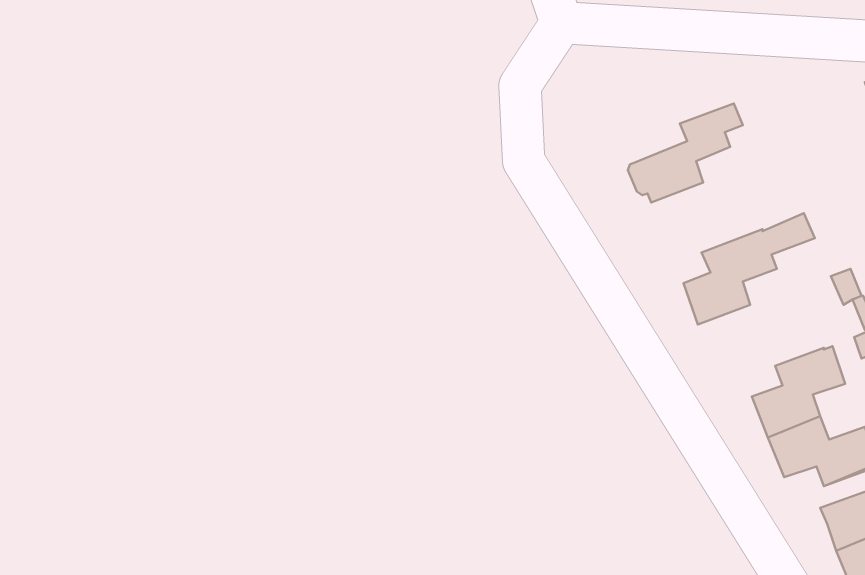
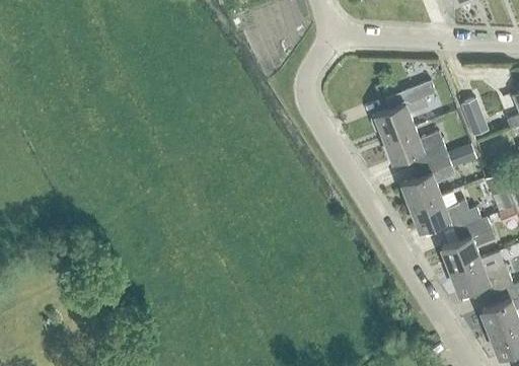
building: none -> [460,98,488,136]
building: none -> [384,127,447,166]
building: none -> [411,191,481,230]

